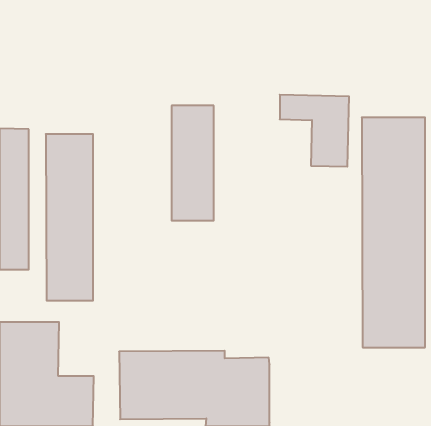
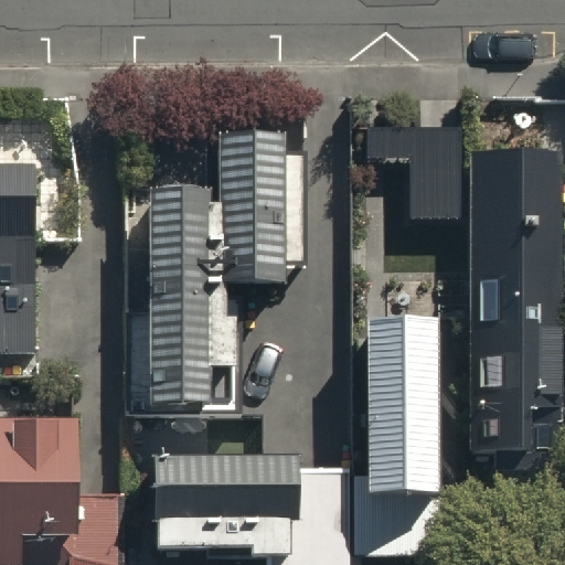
building: [46,134,93,301] -> [147,193,209,411]
building: none -> [352,320,441,552]

